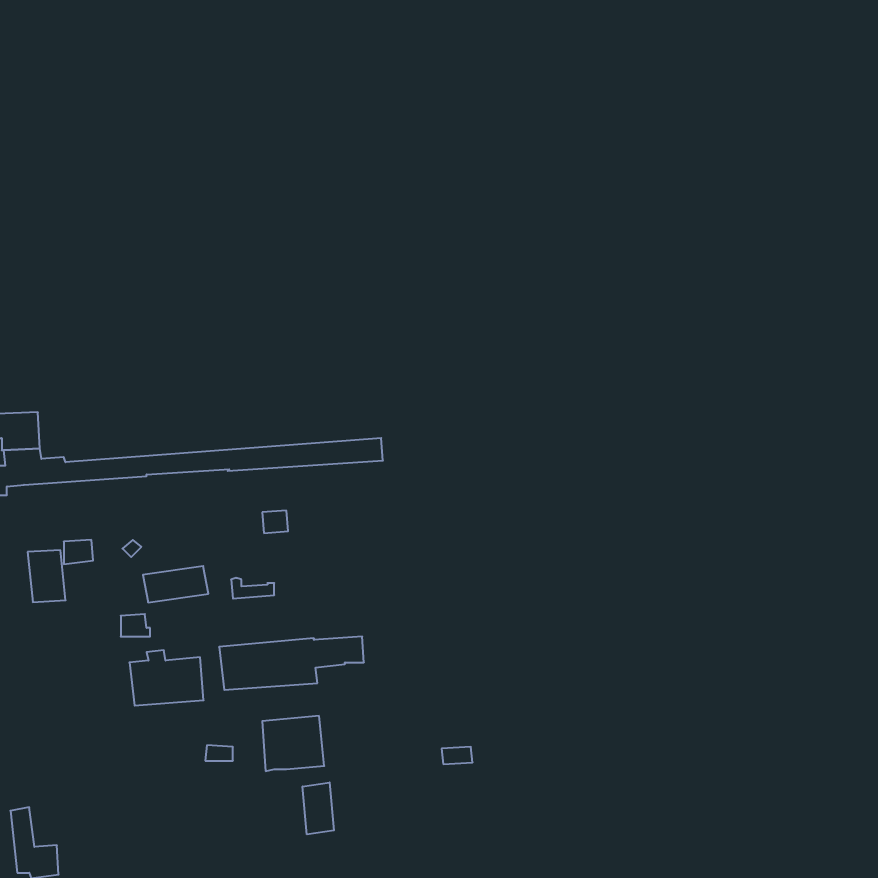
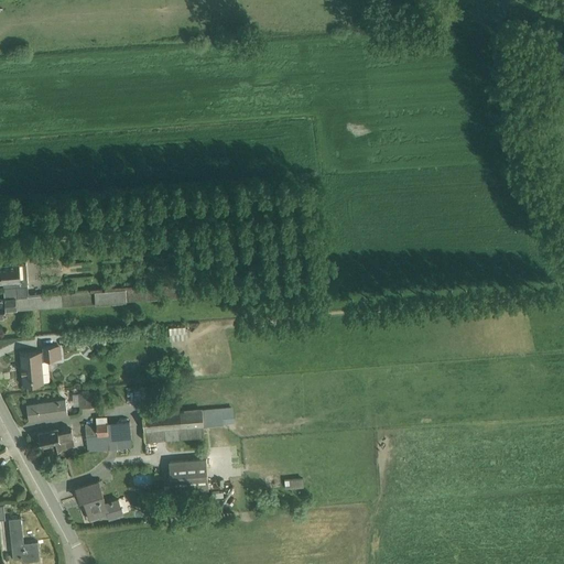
building: [143,566,208,602] -> [24,400,66,423]
building: none -> [36,430,73,452]
building: none -> [74,481,122,521]
building: [303,782,334,834] -> none

